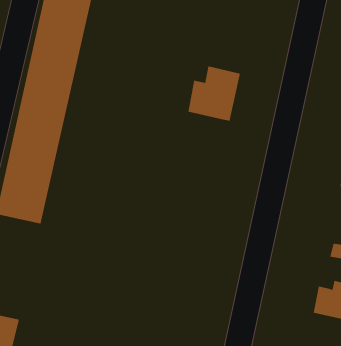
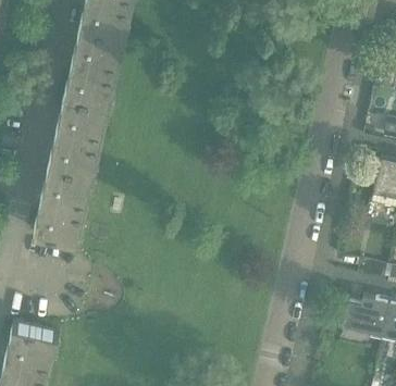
building: [188,65,240,121] -> none

